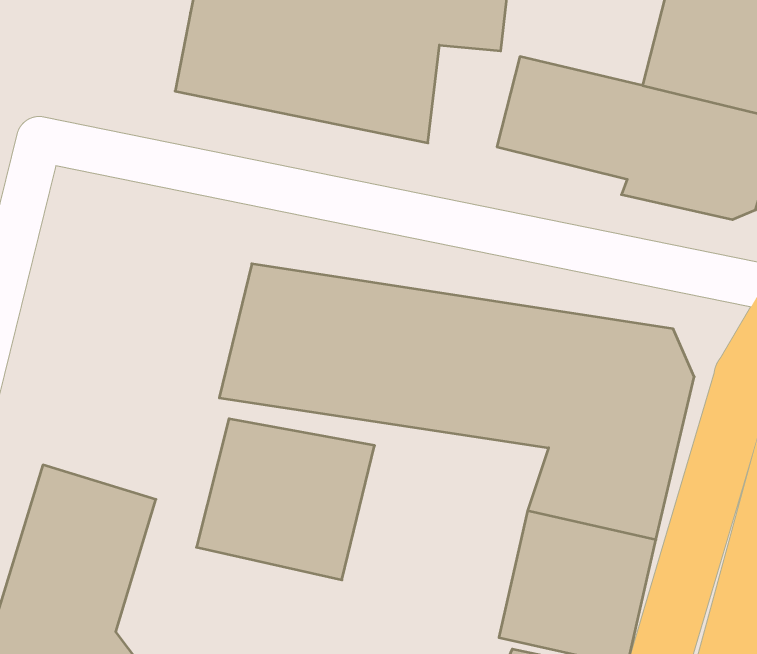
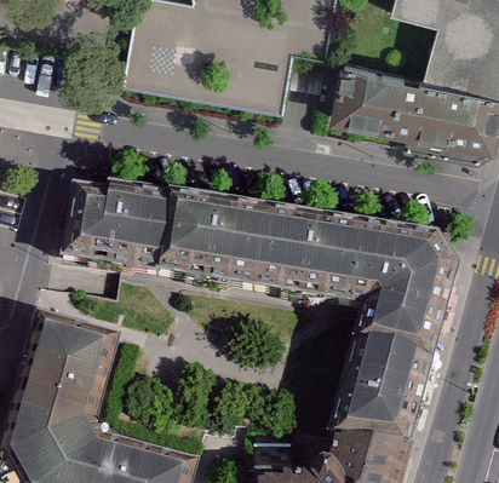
building: [196,419,375,580] -> [59,169,172,271]

